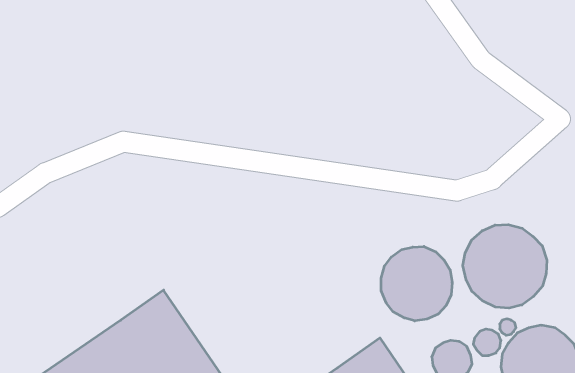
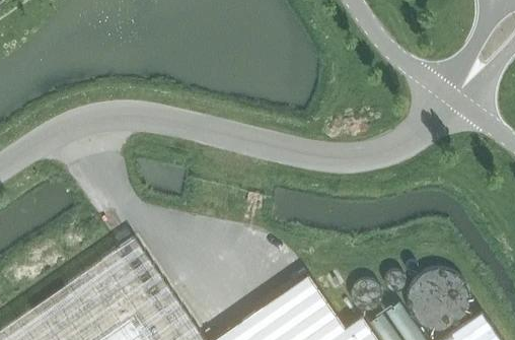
building: [463,225,547,308] -> none
building: [381,246,452,321] -> none

